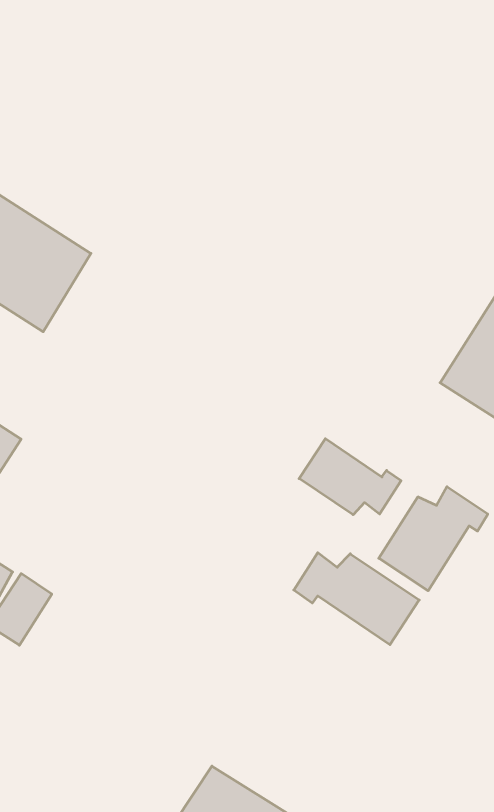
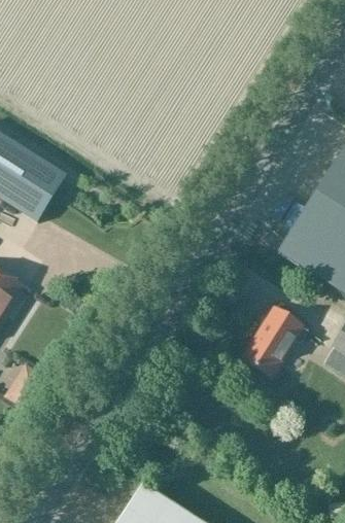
building: [299,439,401,515] -> none
building: [294,553,419,645] -> none

